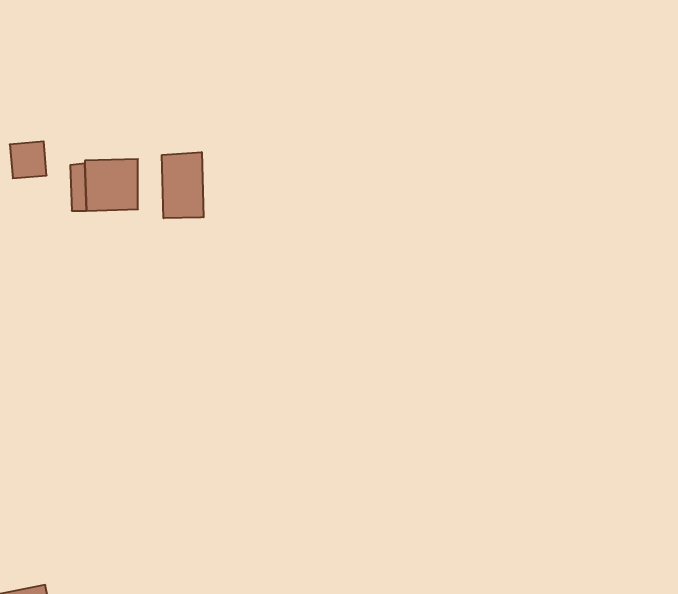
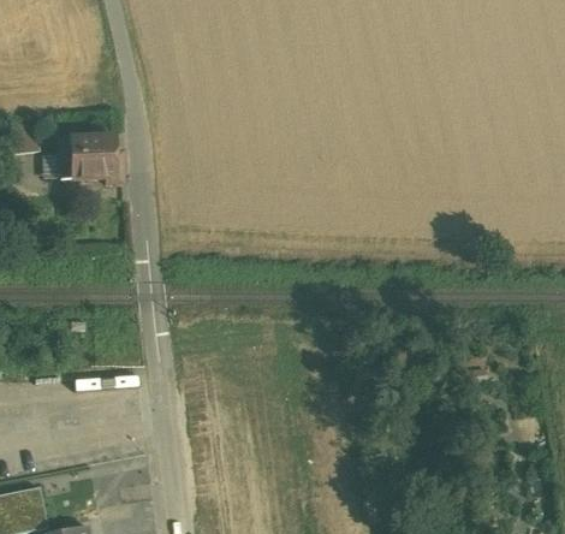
building: [162,152,204,218] -> none

